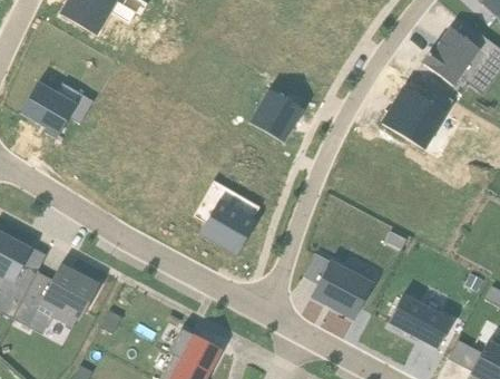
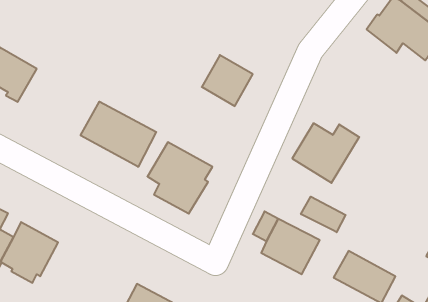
building: [382,86,452,148] -> [292,123,359,183]
building: none -> [81,102,156,167]
building: none -> [301,197,346,232]

